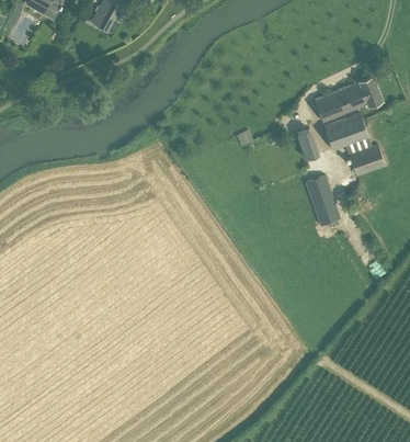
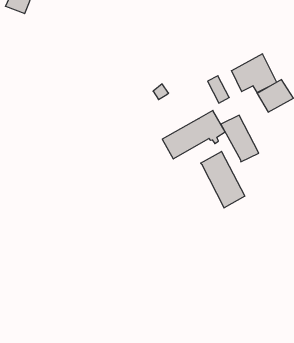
building: [314,76,383,122] -> [162,110,225,159]
building: none -> [201,151,245,208]

